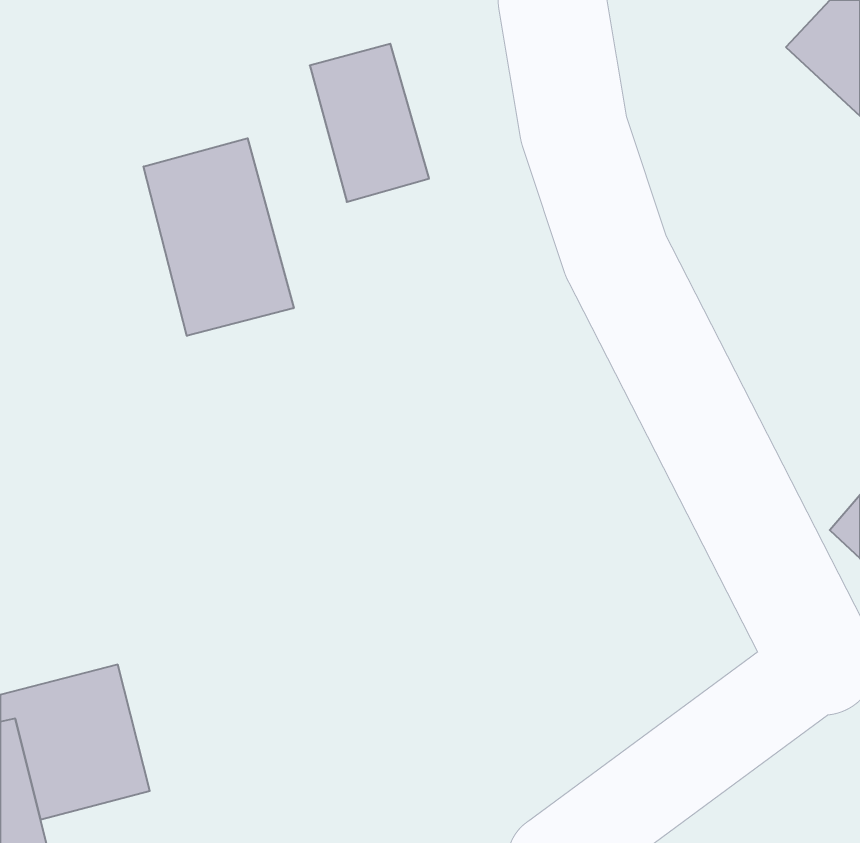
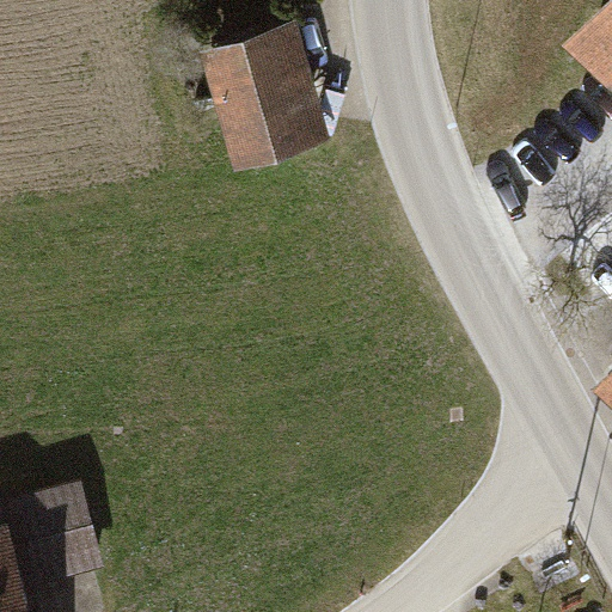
building: [144,138,294,336] -> none

